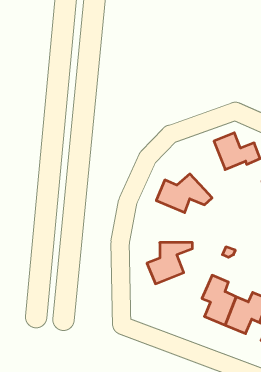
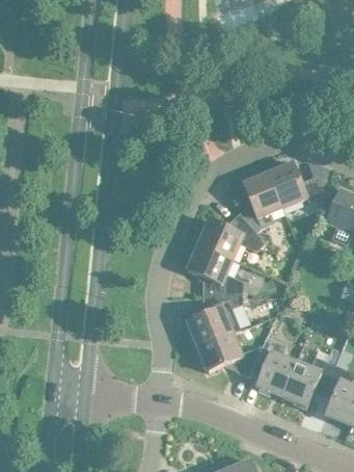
building: none -> [239,173,281,231]
building: none -> [187,244,243,295]
building: none -> [197,332,258,375]

